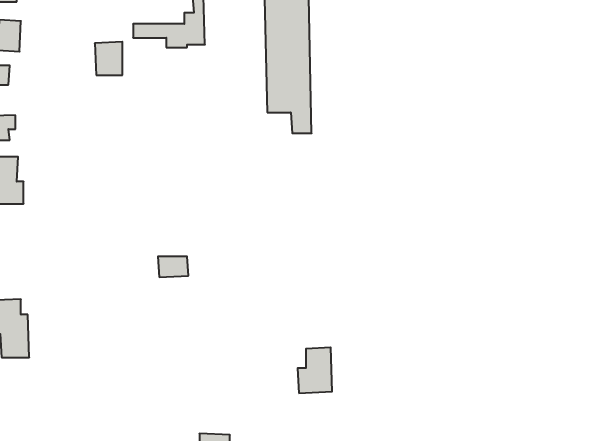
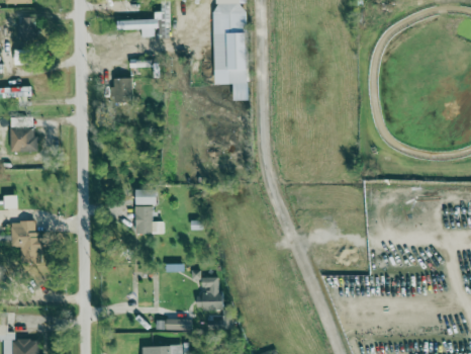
building: [95,42,122,75] -> [111,77,131,101]
building: none -> [135,205,164,233]
building: [298,347,332,393] -> [196,276,221,309]

